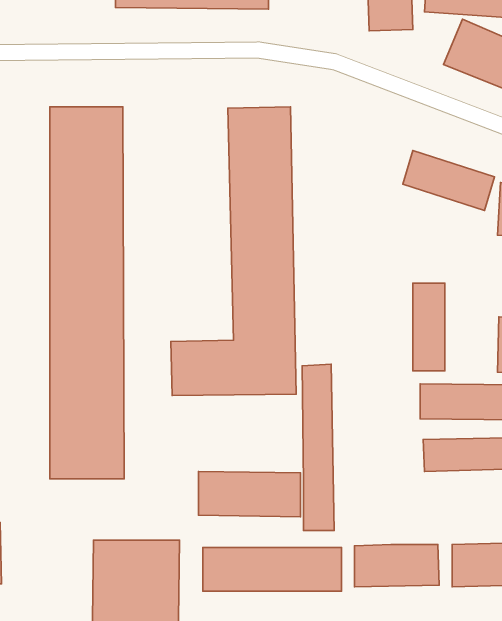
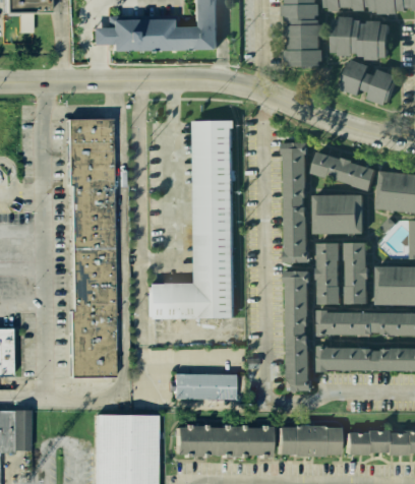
building: none -> [282,145,308,260]
building: none -> [314,194,364,233]
building: none -> [346,241,370,302]
building: [302,364,334,531] -> [285,273,307,388]

